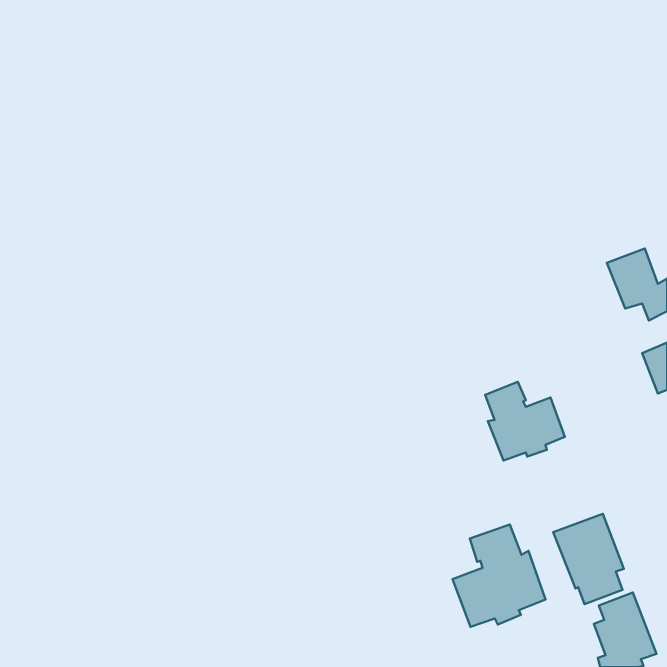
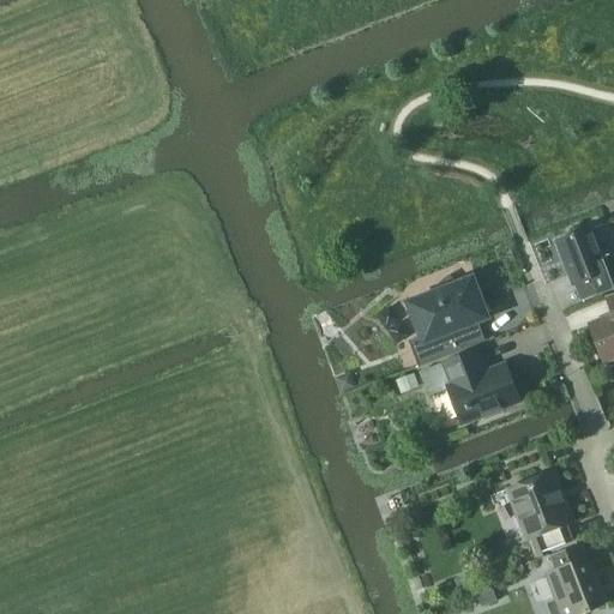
building: none -> [405,273,486,367]
building: [452,525,545,627] -> none

